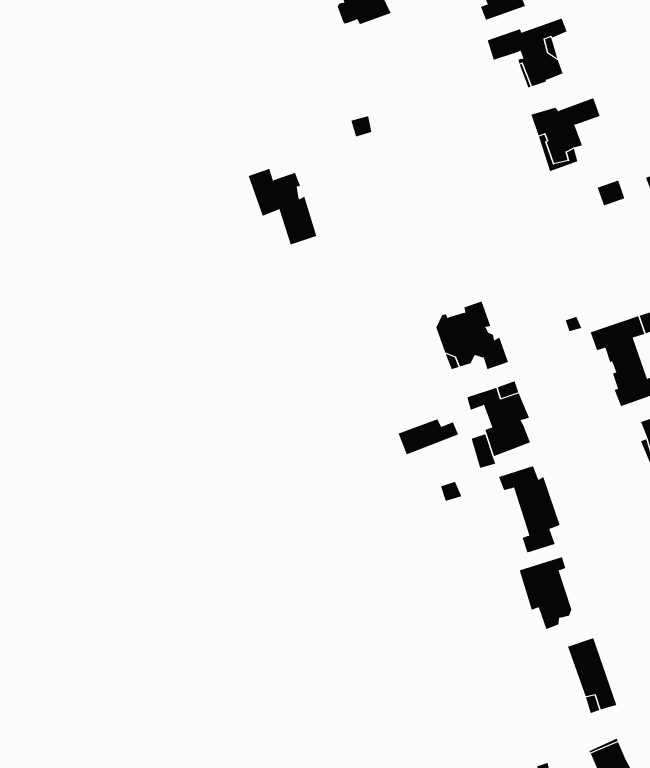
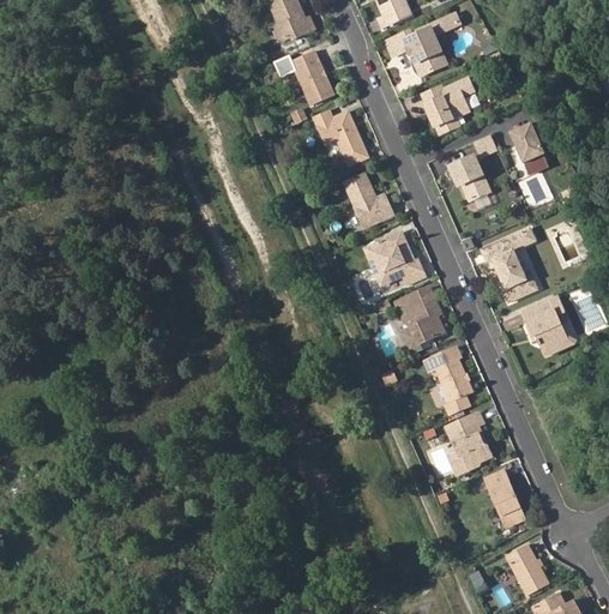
building: none -> [289,50,332,106]
building: [248,168,317,245] -> [310,110,366,165]
building: none -> [451,155,489,197]
building: none -> [342,173,392,228]
building: [398,418,459,455] -> none

